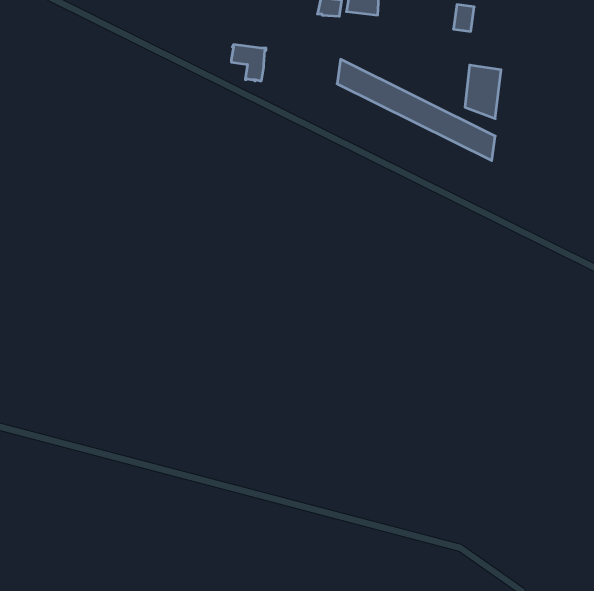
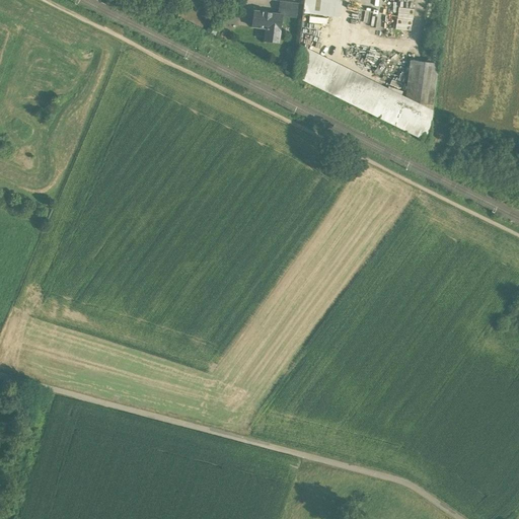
building: [231,45,266,81] -> [250,9,281,41]

